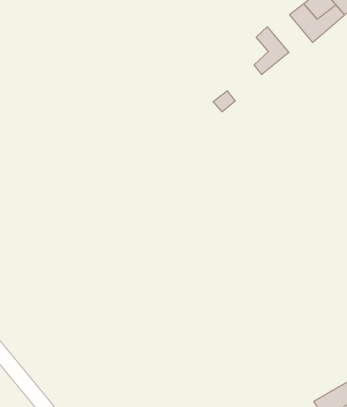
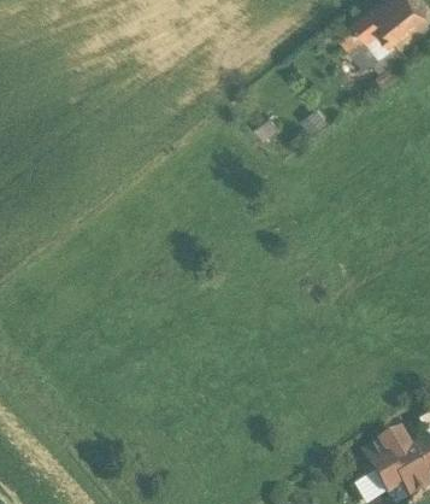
building: [254,27,289,75] -> none

